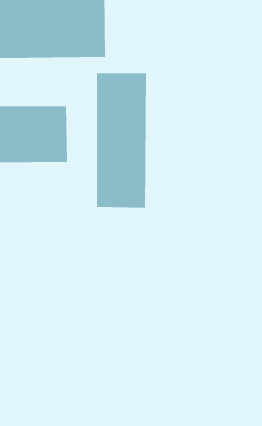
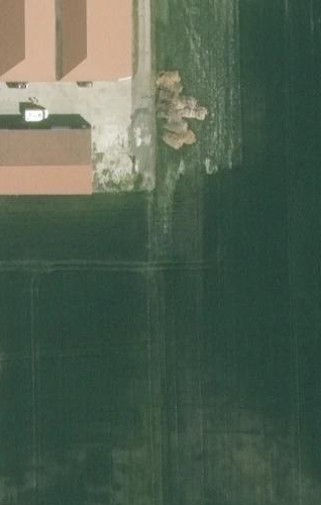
building: [96,73,147,209] -> none

